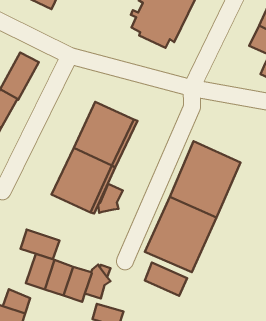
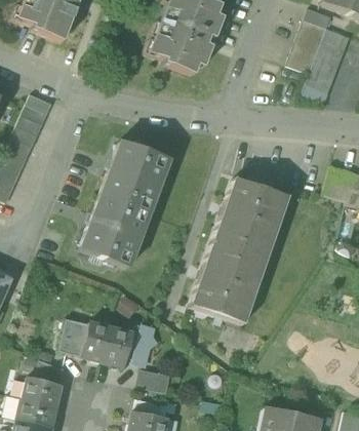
building: [98,184,123,213] -> none
building: [20,229,59,259] -> none
building: [145,262,187,296] -> none

